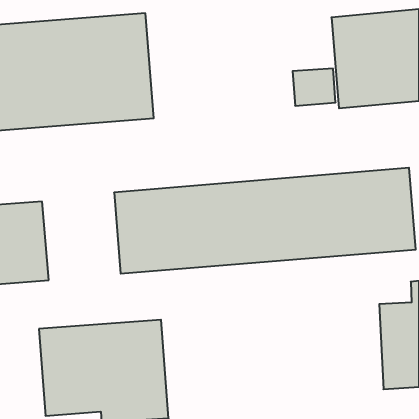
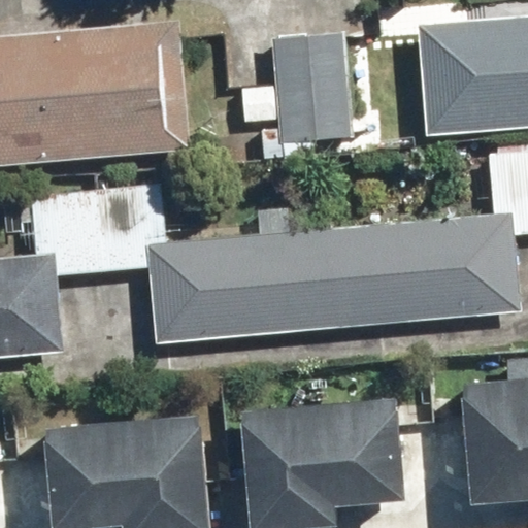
building: none -> [270,35,346,145]
building: none -> [248,387,407,520]

